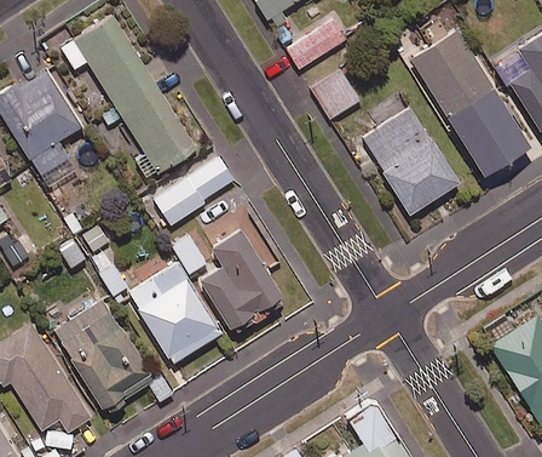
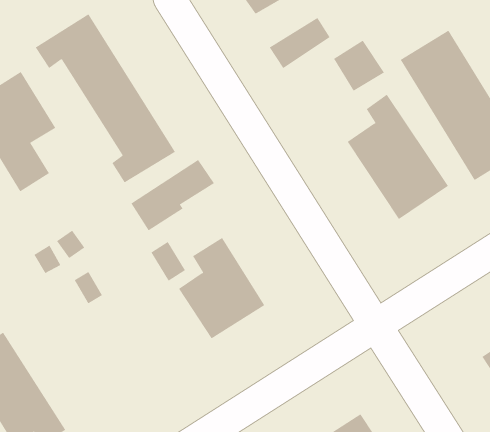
building: [310,69,359,119] -> [333,40,385,92]
building: [138,263,220,364] -> none
building: [53,301,151,410] -> none

